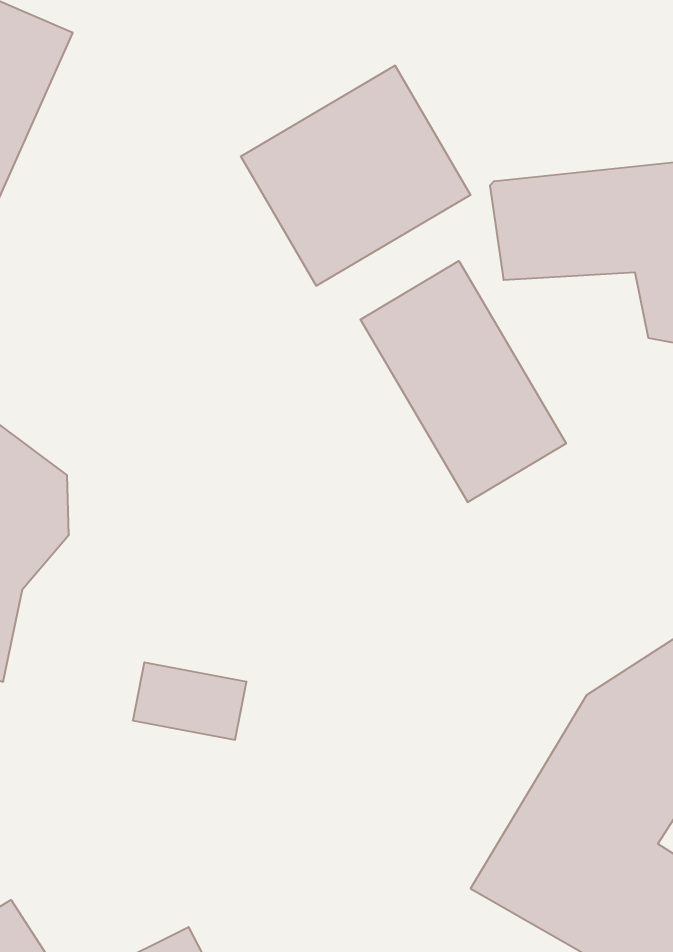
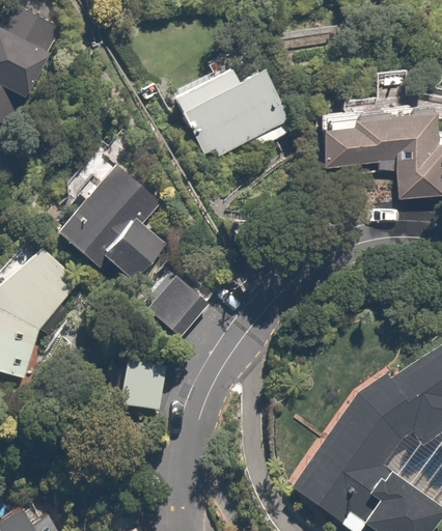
building: none -> [45,156,166,277]
building: [360,261,566,502] -> none
building: none -> [138,269,214,346]

